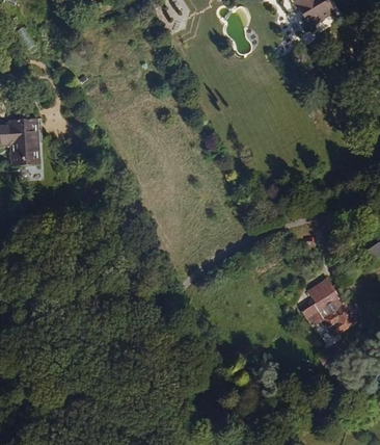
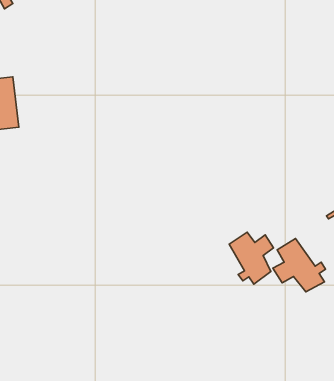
building: none -> [229,232,273,284]

